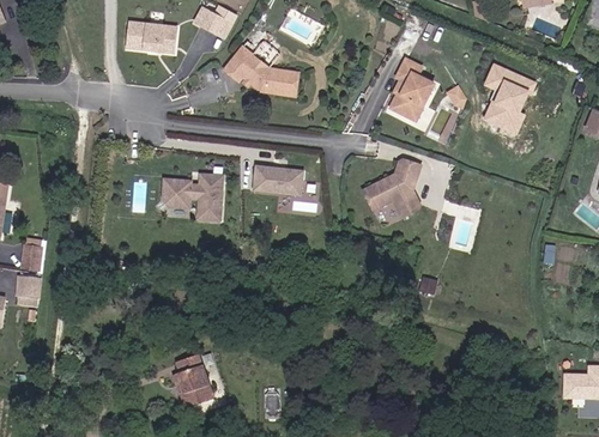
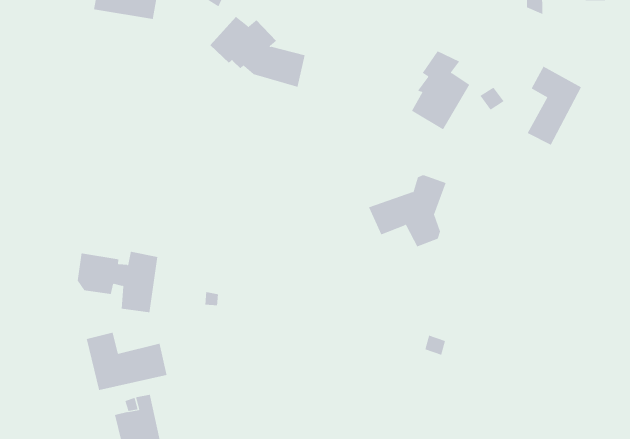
building: [248,162,302,196] -> none
building: [162,172,225,220] -> [77,251,158,313]
building: none -> [86,332,167,391]

